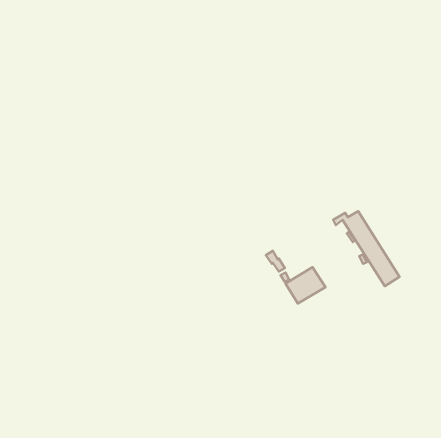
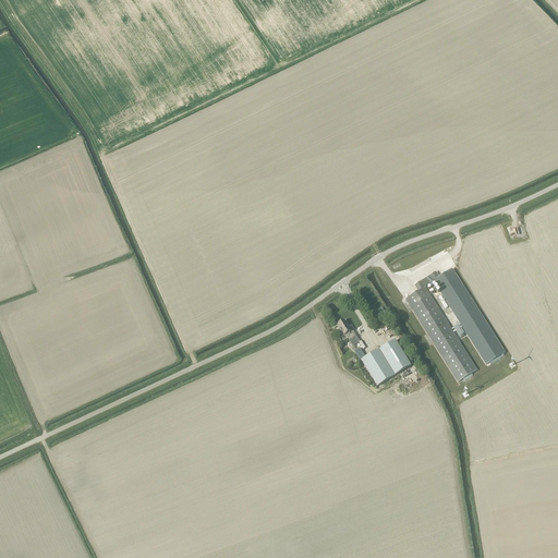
building: none -> [405,278,476,379]

